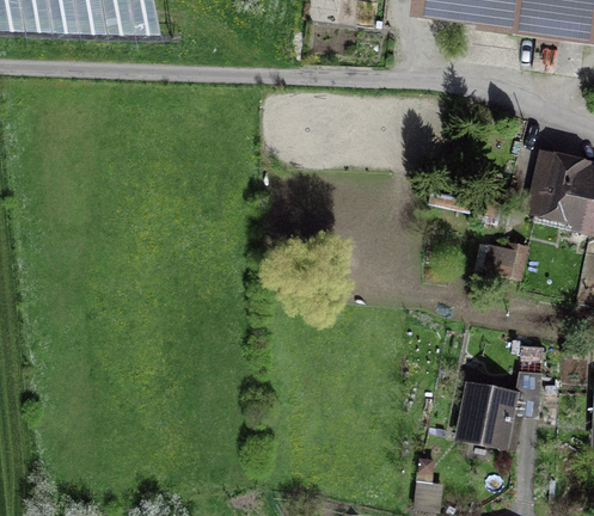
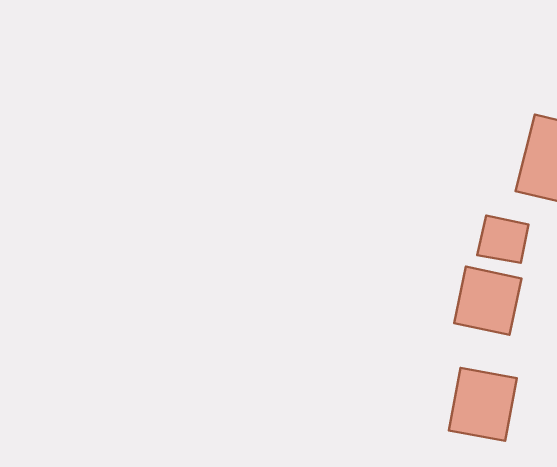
building: none -> [454,267,522,335]

